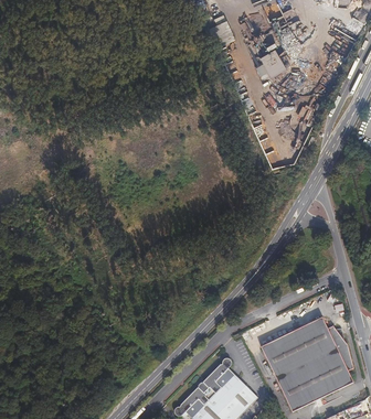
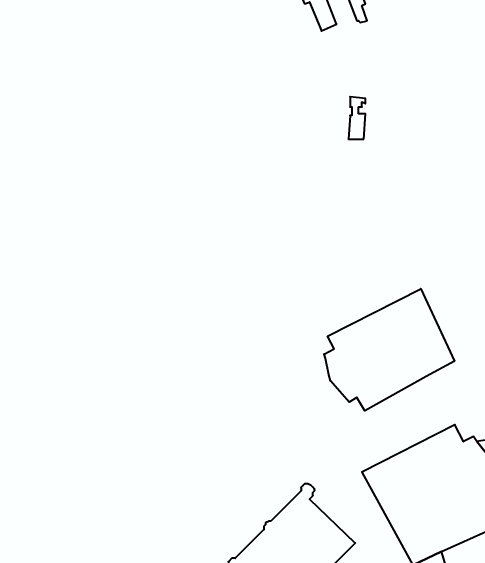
building: none -> [324,289,454,411]

